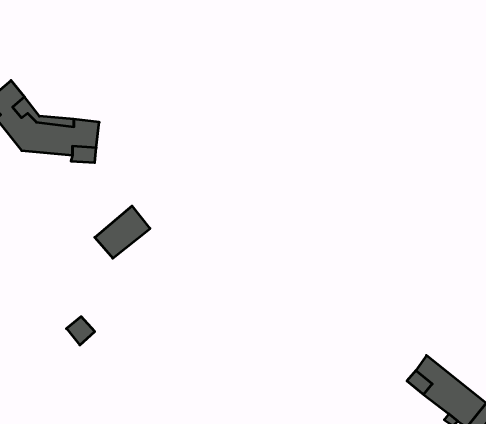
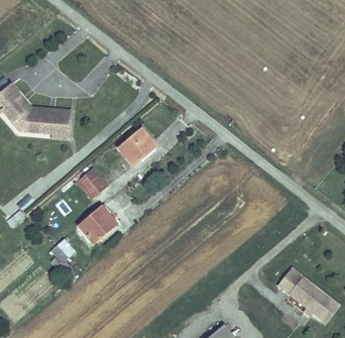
building: none -> [120,128,158,164]
building: none -> [80,206,119,244]

